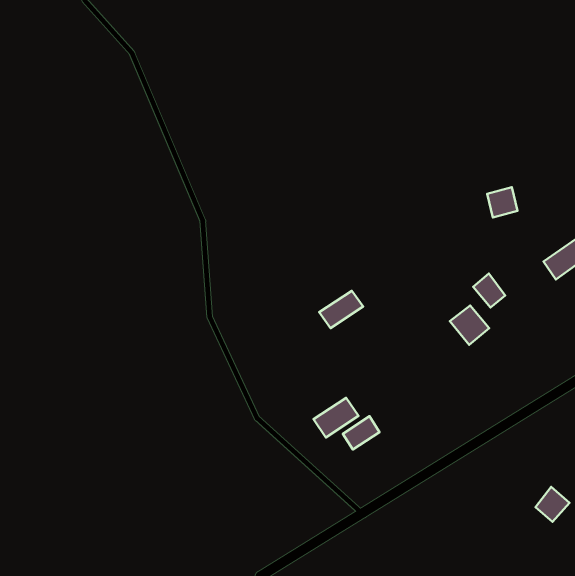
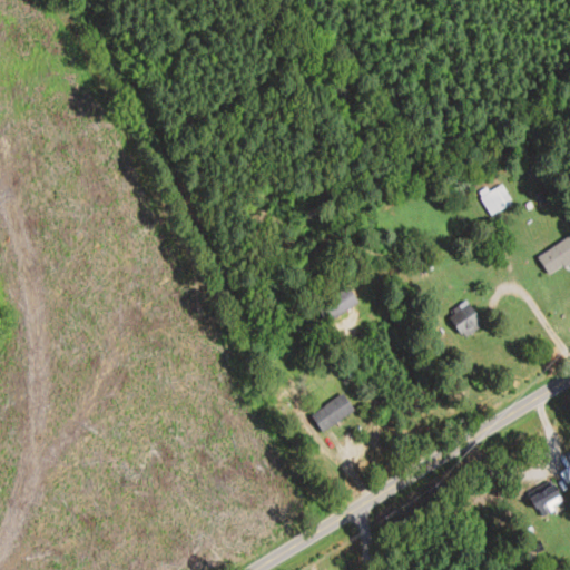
building: [473,274,505,308] -> none
building: [343,416,379,450] -> none

